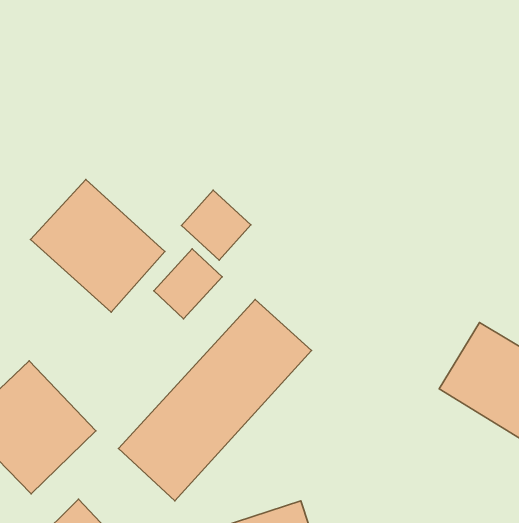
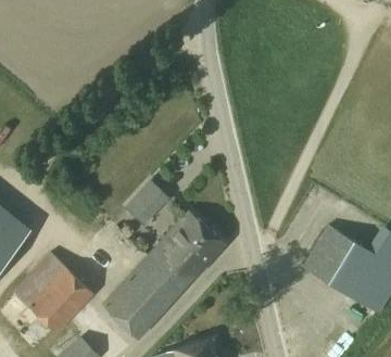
building: [31,179,165,312] -> none
building: [181,190,251,260] -> none

